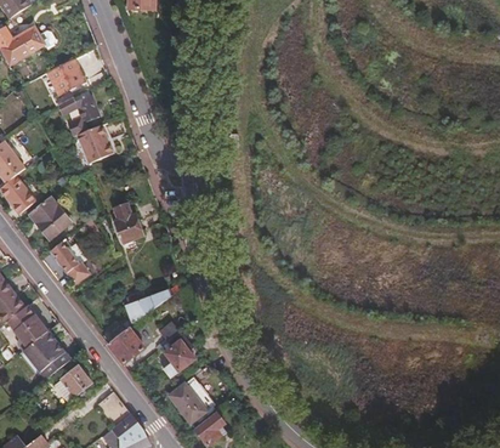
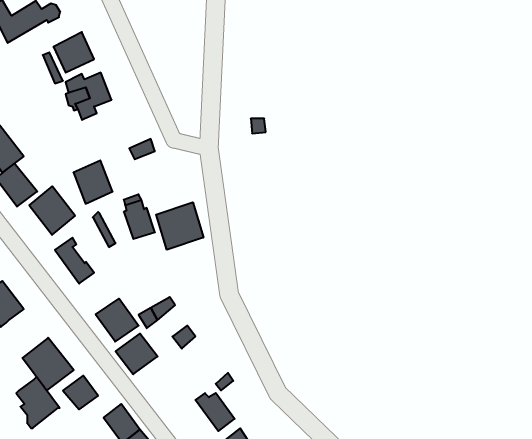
building: [79,124,114,163] -> [73,160,113,204]
building: none -> [156,202,203,250]
building: none -> [96,299,139,342]
building: [8,304,47,350] -> [16,377,60,428]
building: [163,340,193,376] -> none

